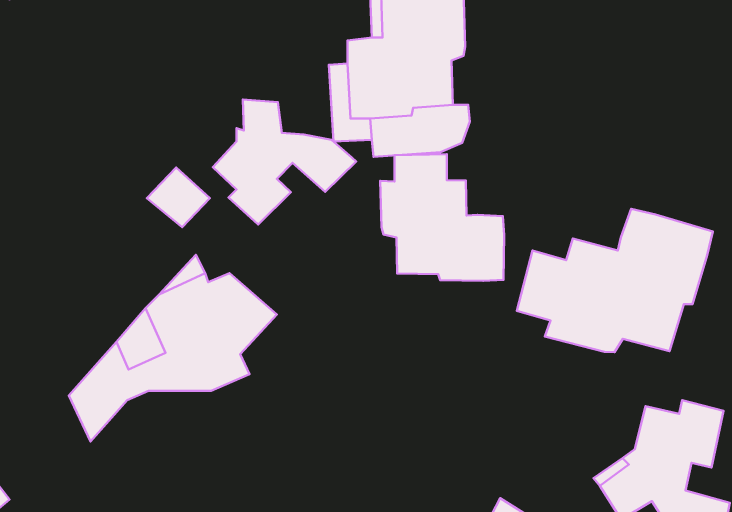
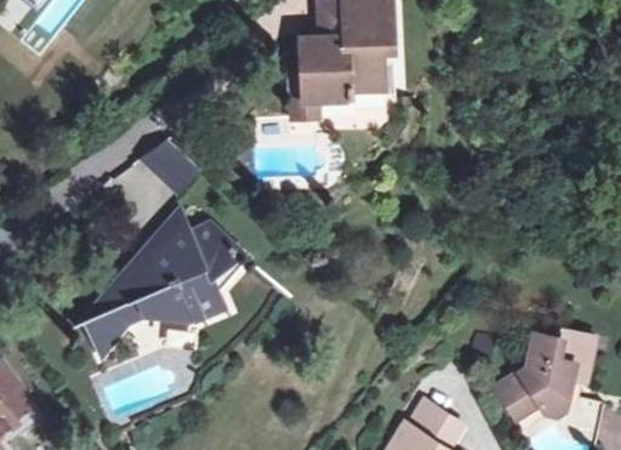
building: [213,100,356,225] -> none
building: [380,154,504,281] -> none
building: [517,209,713,352] -> none

